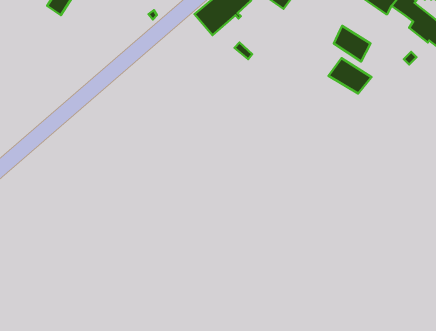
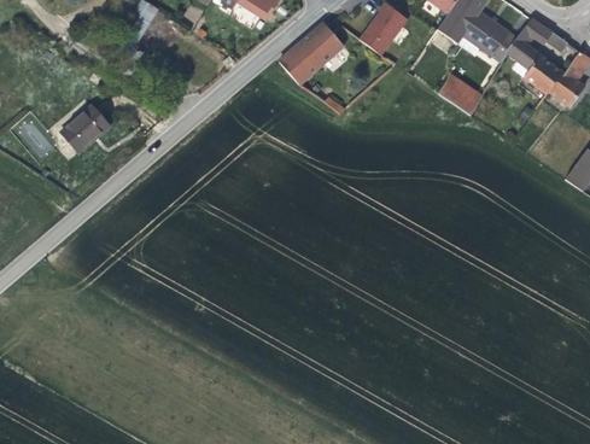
building: none -> [62,105,110,152]
building: [329,58,371,94] -> none

